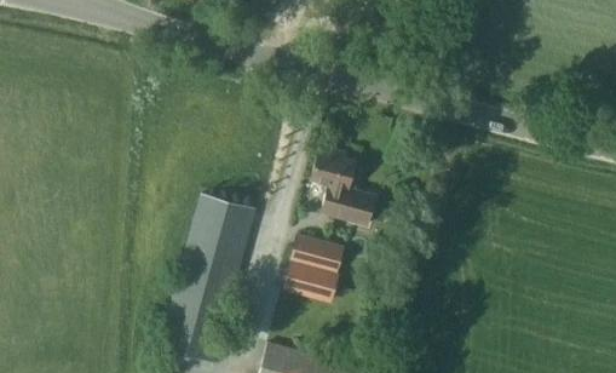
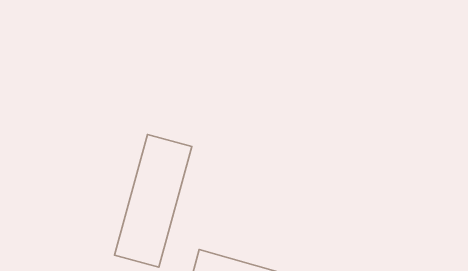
building: [312,144,375,223] -> none
building: [281,233,345,305] -> none

